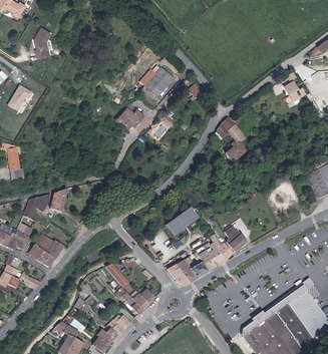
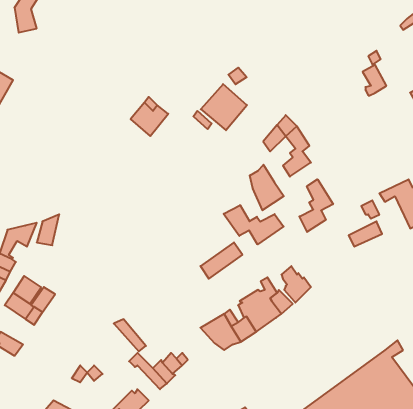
building: [140,63,174,96] -> [201,84,247,130]
building: none -> [250,165,284,210]
building: none -> [299,179,333,232]
building: none -> [224,205,284,244]

